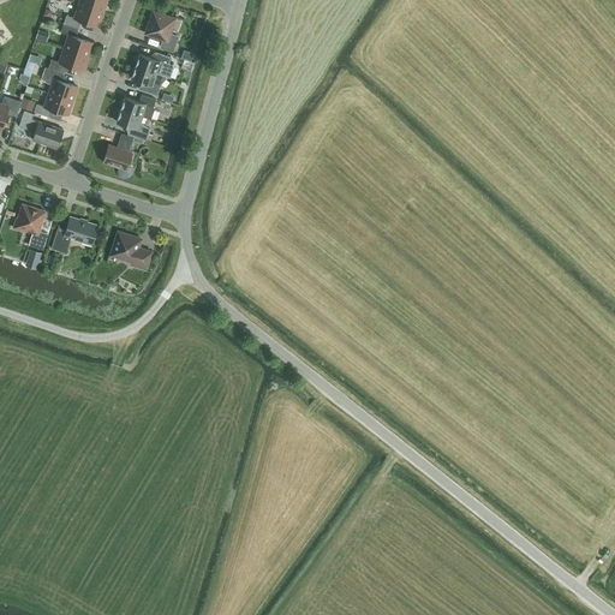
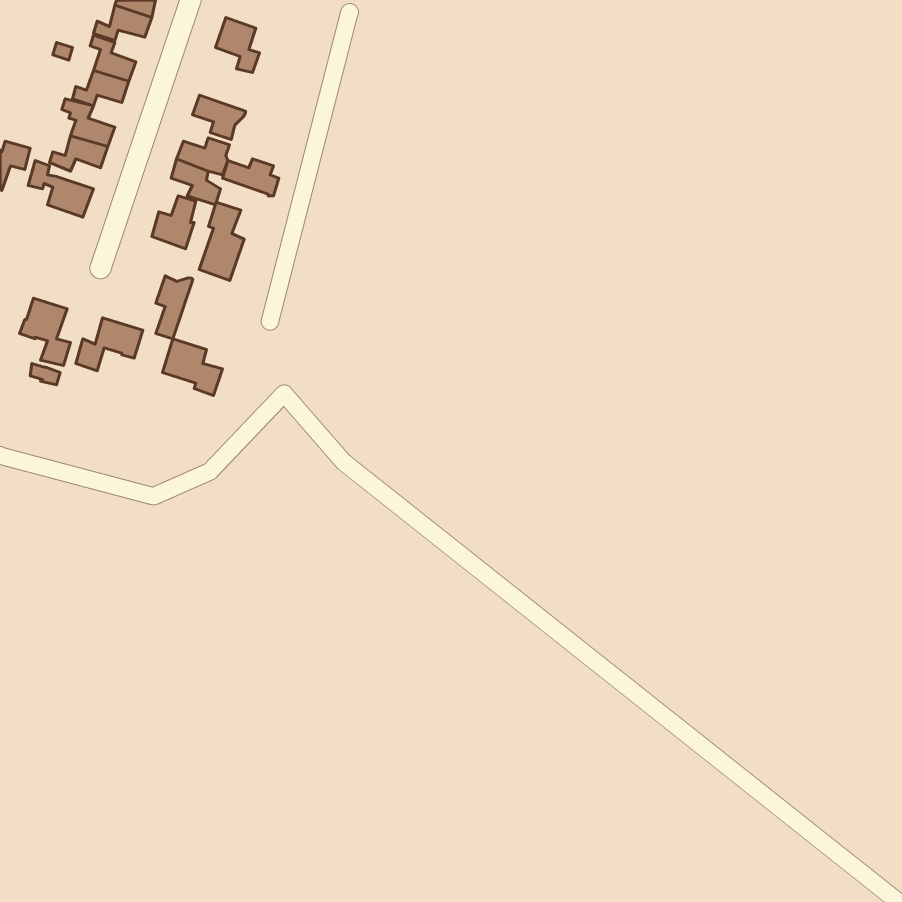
building: [136,52,174,77] -> [222,159,279,196]
building: none -> [199,202,244,281]
building: none -> [156,276,193,339]

